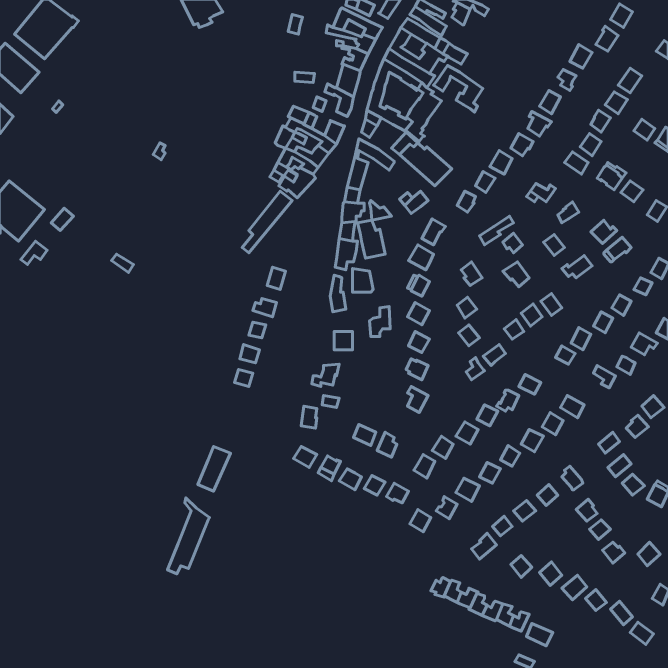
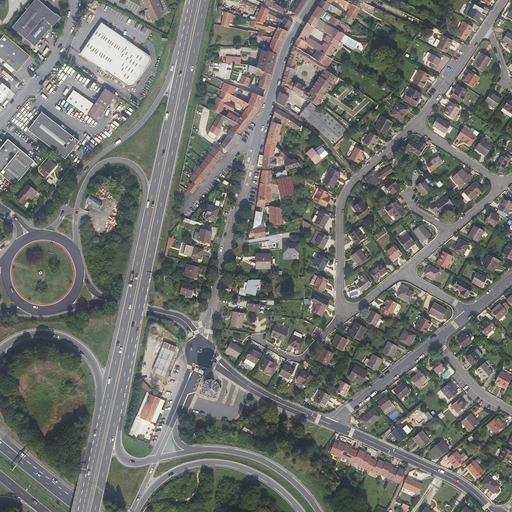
building: none -> [79,22,150,86]
building: [434,65,483,112] -> none
building: none -> [65,87,115,120]
building: none -> [27,111,78,158]

